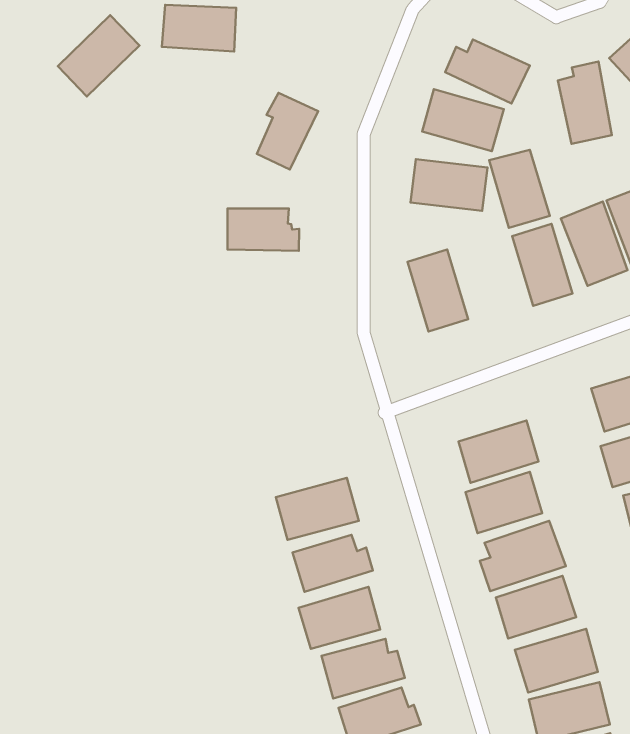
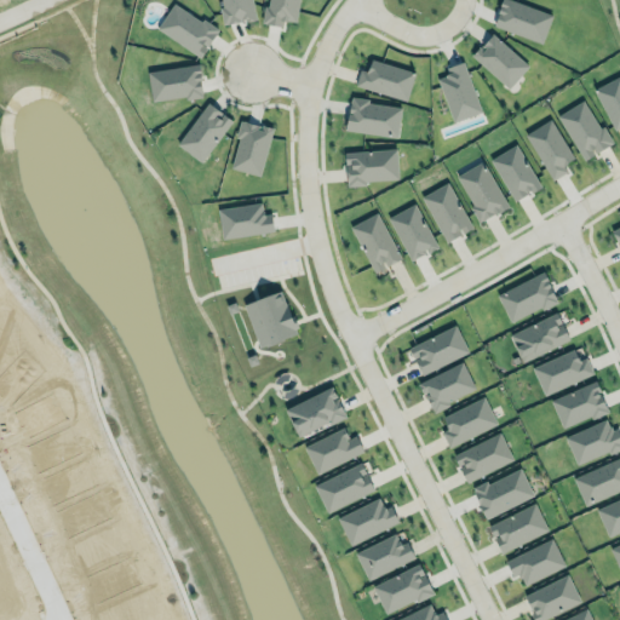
building: [58,15,139,96] -> [178,103,234,163]
building: [489,150,550,228] -> [390,205,440,263]
building: none -> [247,292,298,348]

